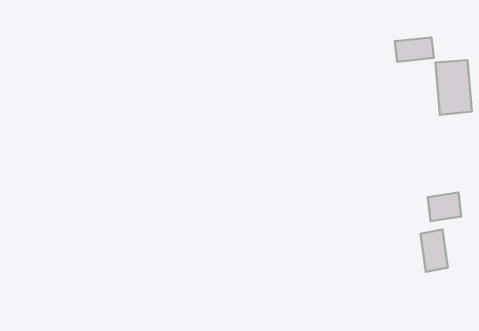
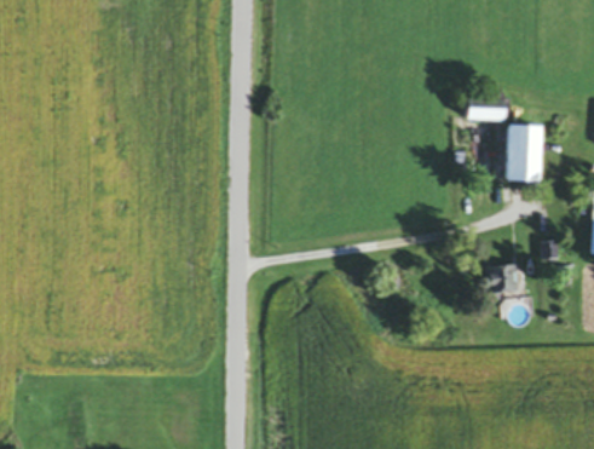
building: [420,229,448,272] -> none

